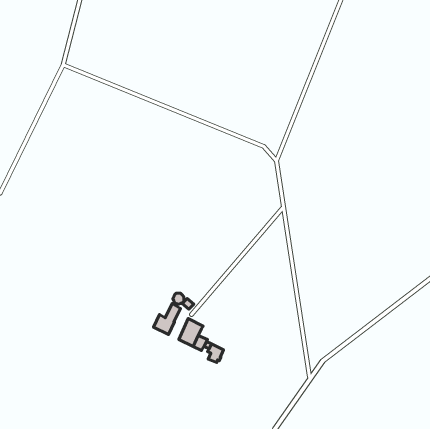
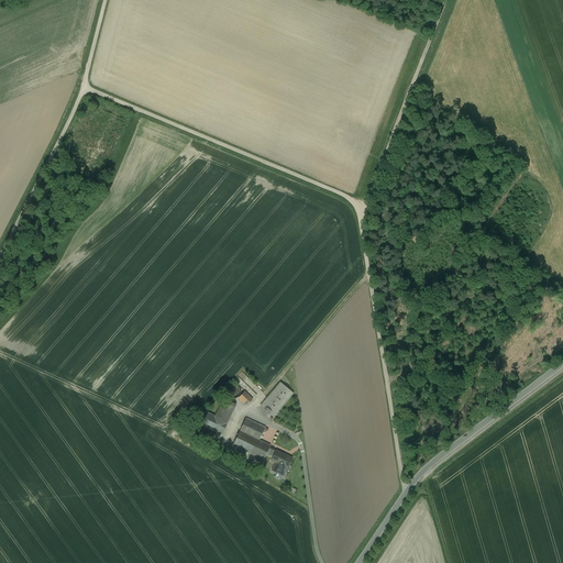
building: none -> [261,380,295,415]

